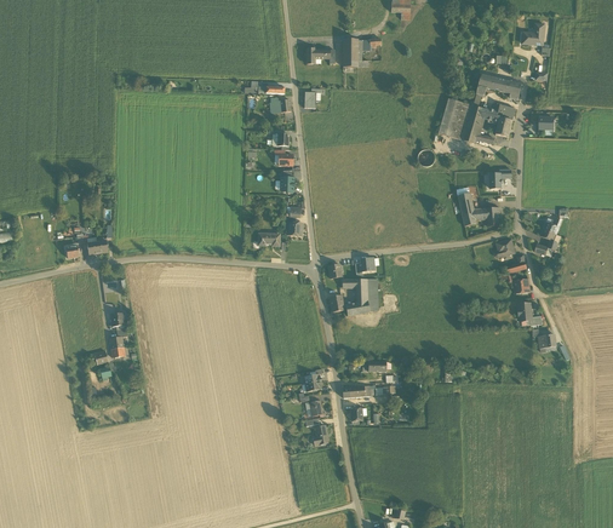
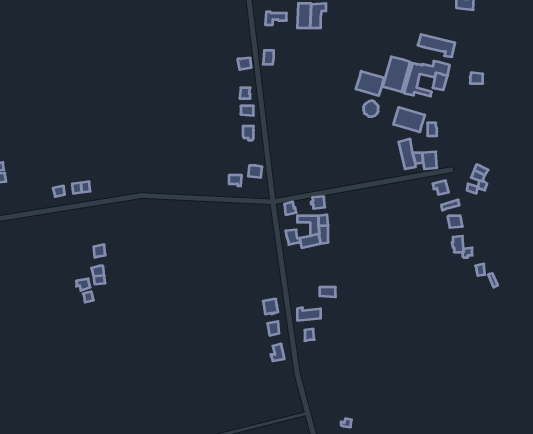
building: none -> [356,71,384,96]
building: none -> [394,107,425,132]

